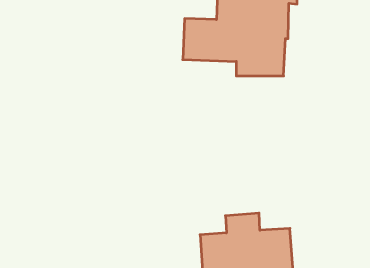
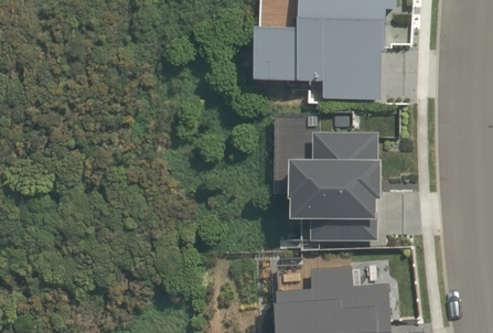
building: none -> [290,131,381,240]

